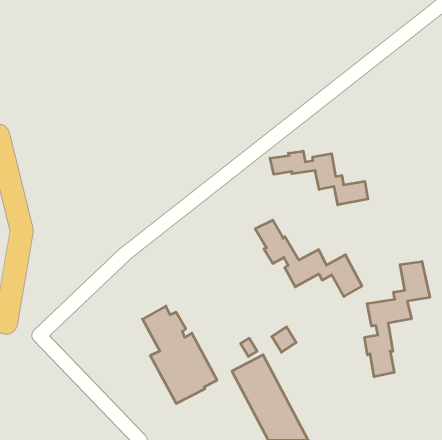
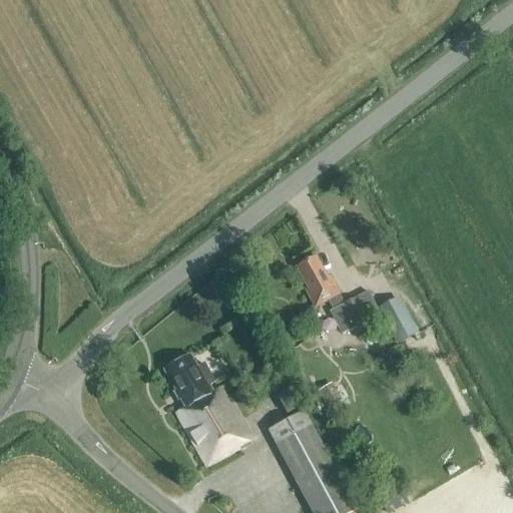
building: [270,151,368,205] -> none
building: [365,261,430,377] -> none

